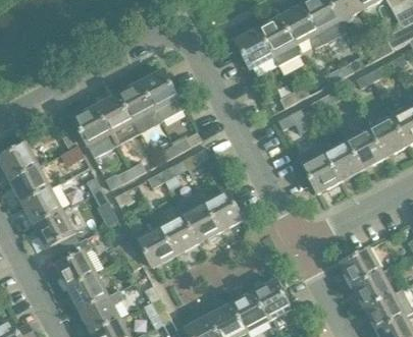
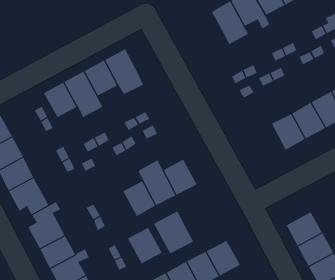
building: [235,29,273,69] -> none
building: [296,143,340,193] -> none
building: [137,226,175,267] -> [127,227,162,264]
building: none -> [153,211,194,267]

